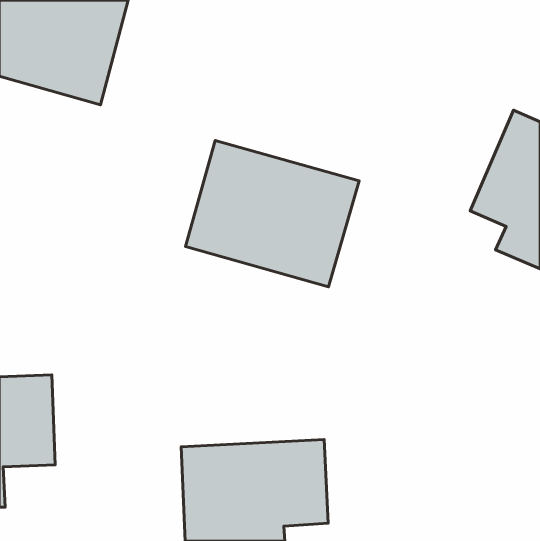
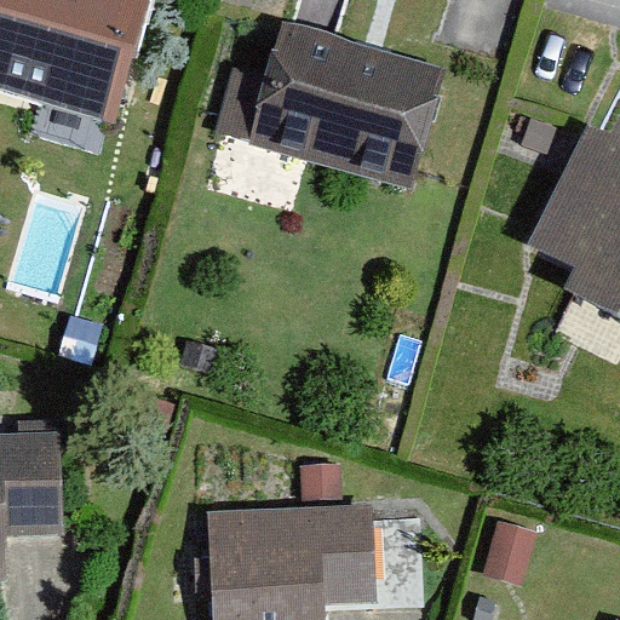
building: [186,141,359,287] -> [247,21,446,188]

